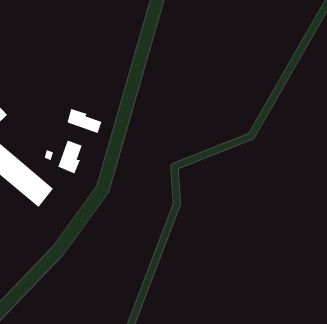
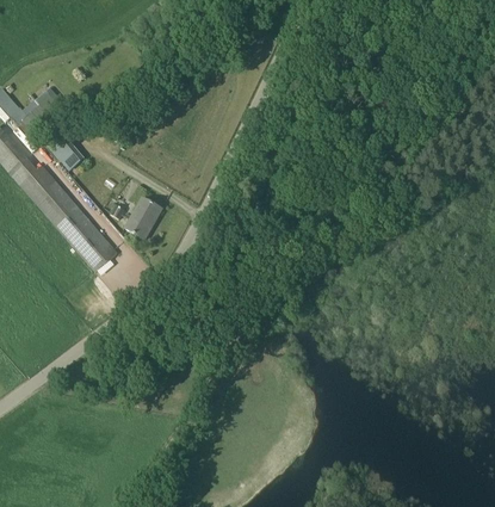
building: [67,108,102,134] -> none

